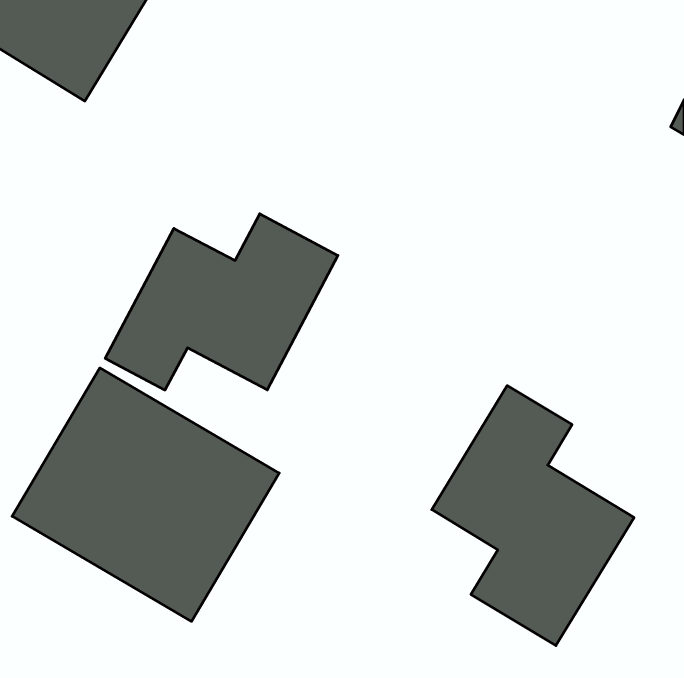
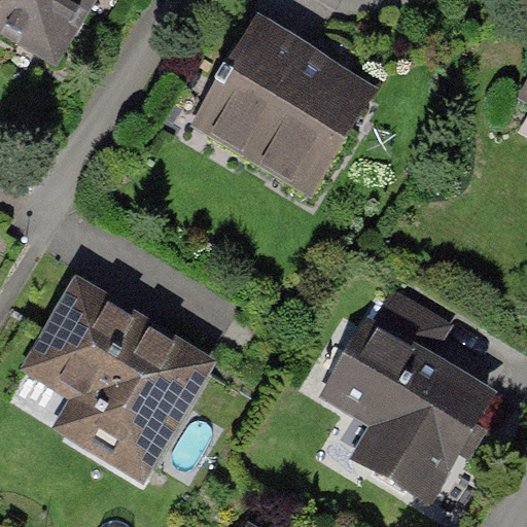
building: none -> [187,8,387,200]
building: [105,214,338,390] -> none

